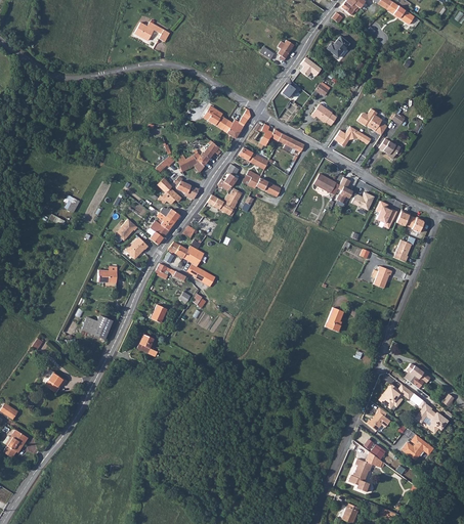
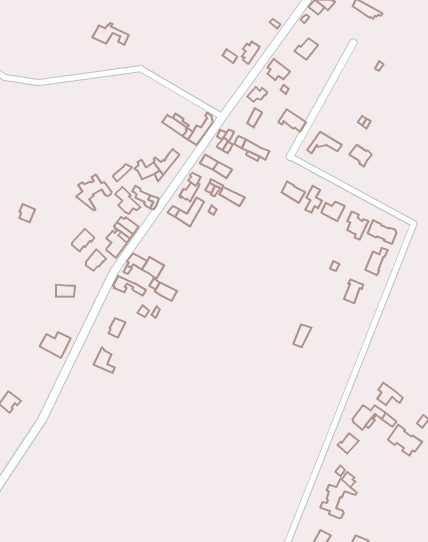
building: [357,108,388,135] -> none
building: none -> [76,174,111,210]
building: [404,436,435,461] -> none

